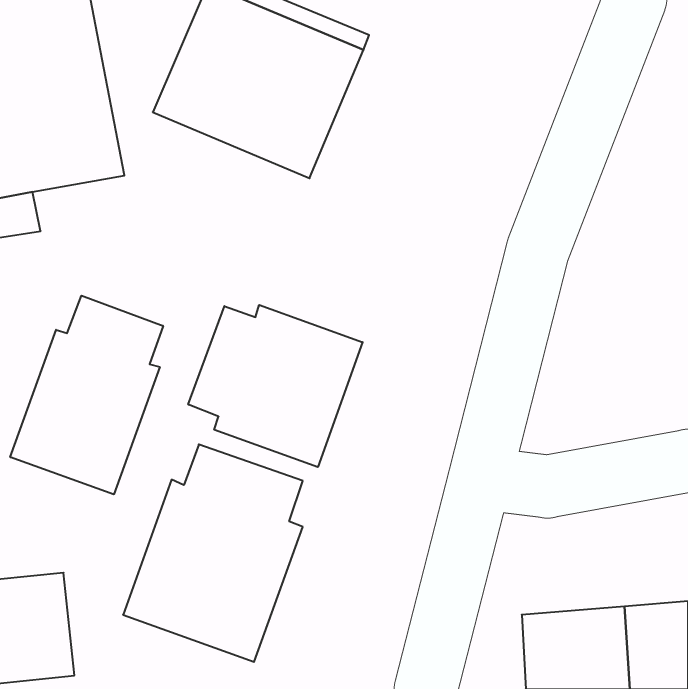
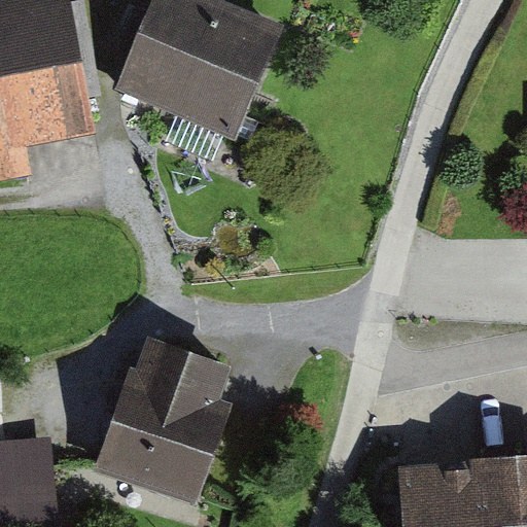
building: [10,296,163,494] -> none
building: [188,305,363,467] -> none

